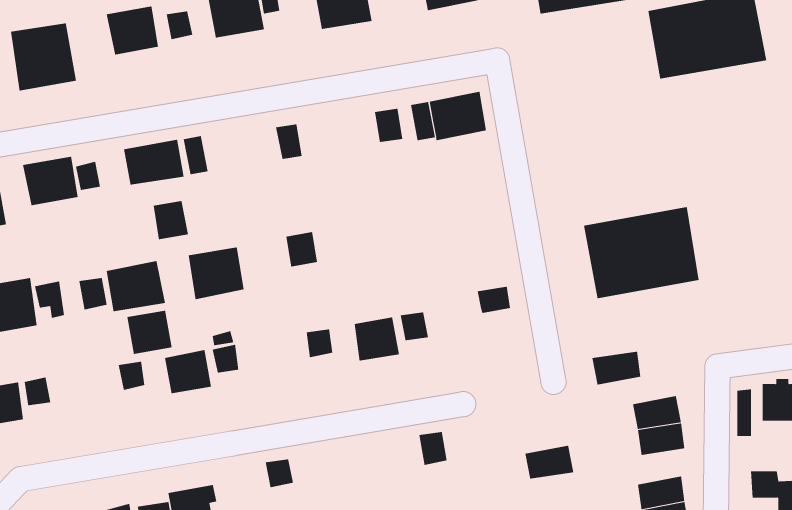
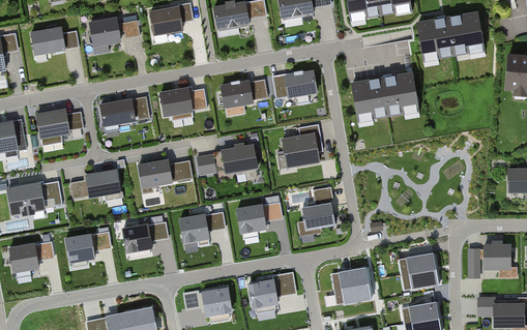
building: none -> [221,79,253,109]
building: none -> [159,86,193,117]
building: none -> [283,132,320,168]
building: [153,200,189,240] -> [171,161,193,185]
building: [583,207,699,299] -> [351,67,421,123]
building: none -> [223,146,260,178]
building: [126,310,173,354] -> [66,235,94,262]
building: none -> [302,202,335,230]
building: none -> [180,215,210,246]
building: [592,351,641,385] -> [339,267,369,288]
building: none -> [250,280,277,307]
building: none -> [203,288,232,316]

